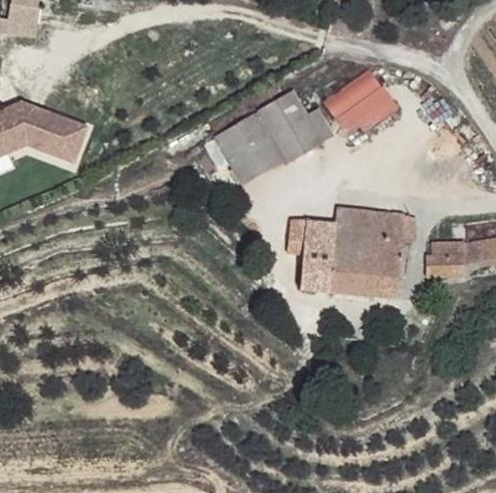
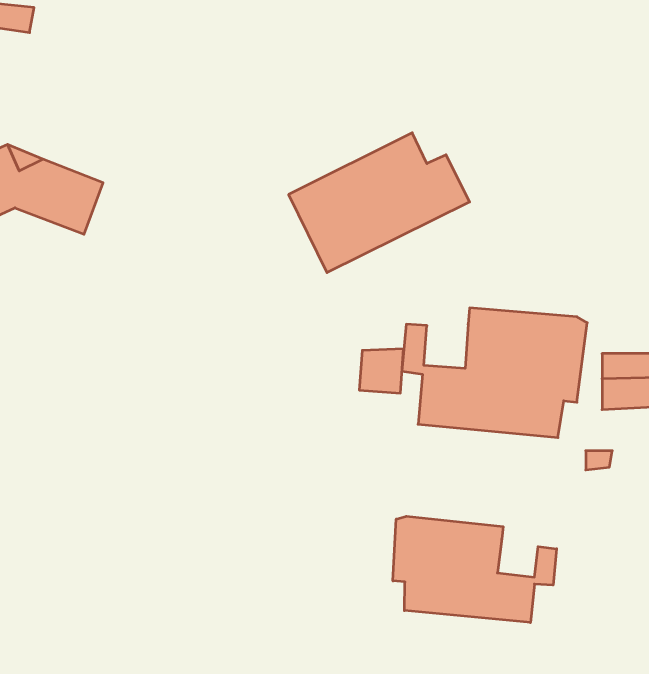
building: [321,65,399,142] -> none
building: [304,222,334,252] -> [359,349,403,393]
building: none -> [393,516,557,623]

